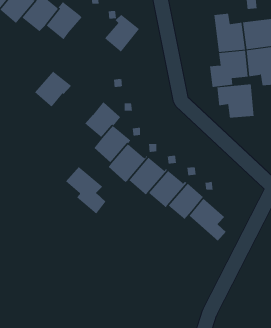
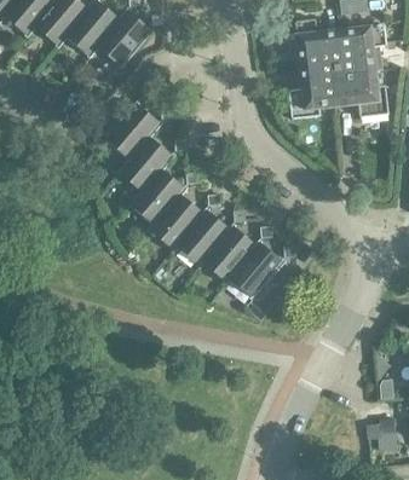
building: [104,14,140,53] -> [100,13,149,65]
building: [34,71,72,108] -> [108,106,159,156]
building: [217,84,254,118] -> none
building: [65,166,106,215] -> none
building: [189,198,226,241] -> none

